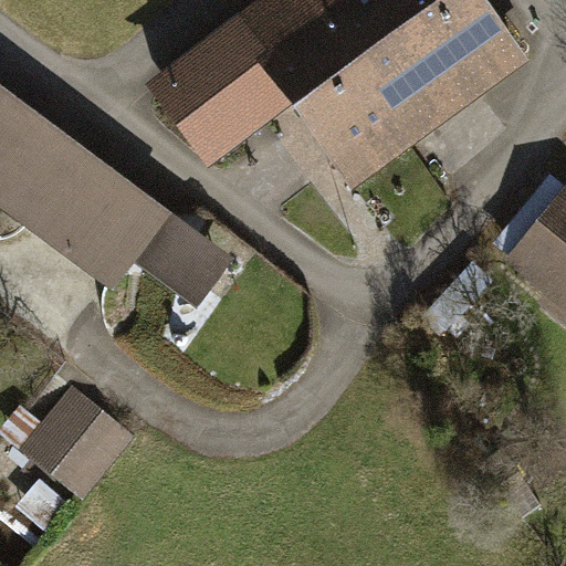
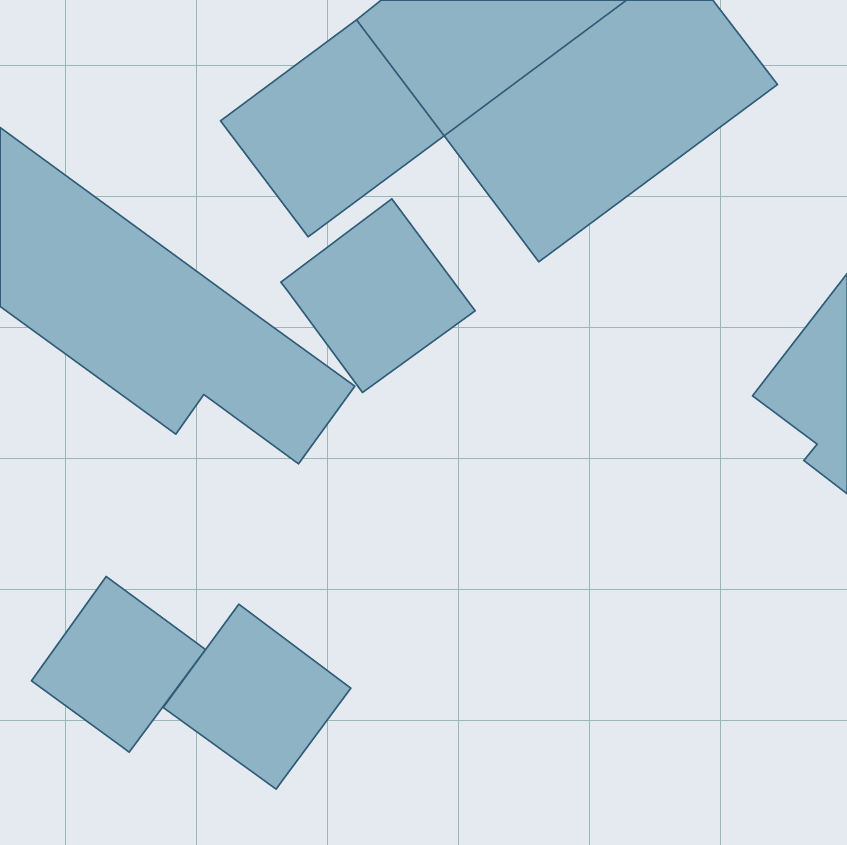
building: none -> [281,199,475,392]
building: none -> [163,604,351,789]

